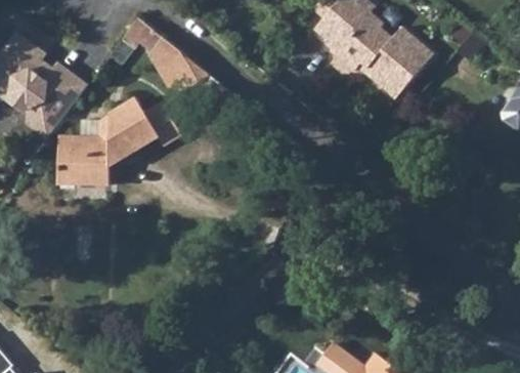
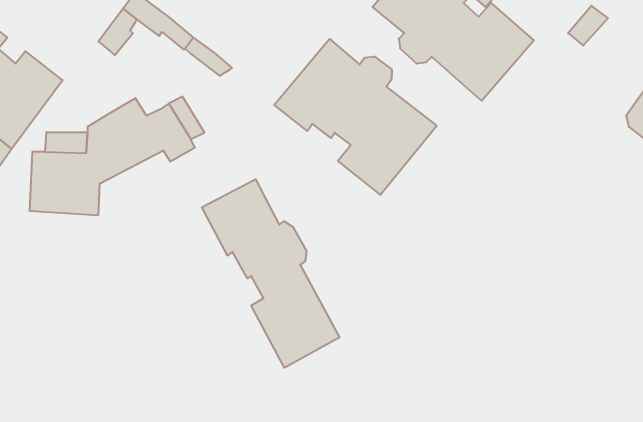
building: none -> [274,39,437,195]
building: none -> [202,179,340,368]

